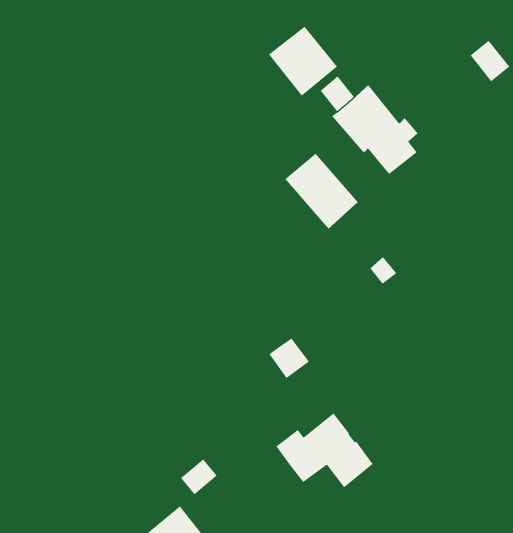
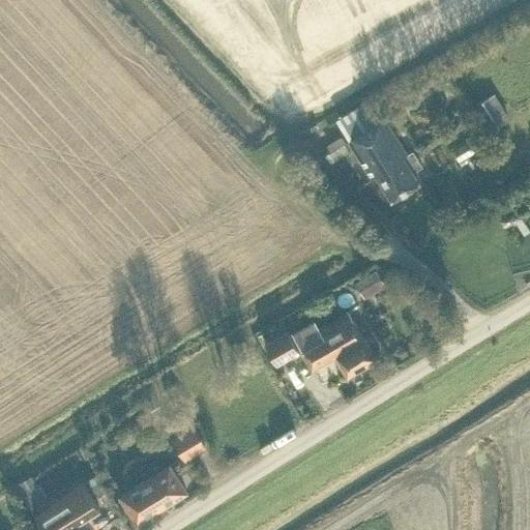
building: [268,26,338,97] -> none
building: [284,153,359,229] -> none
building: [276,413,374,488] -> [292,312,376,379]

